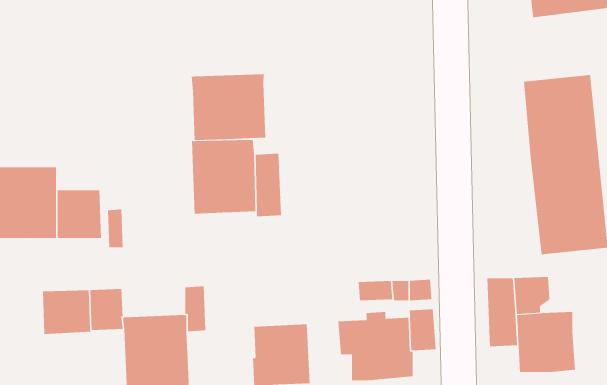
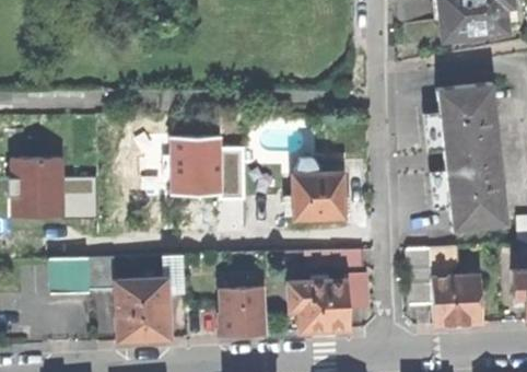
building: [191,73,266,141] -> none
building: none -> [288,162,352,220]

